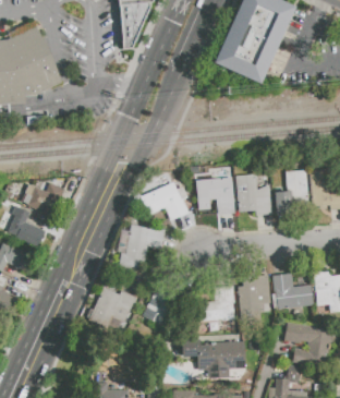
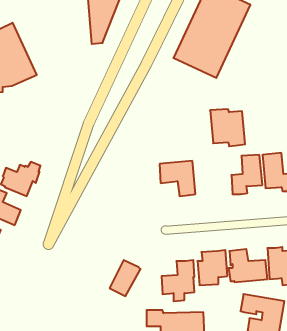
building: [235,174,274,215] -> [210,109,245,146]
building: [141,181,189,220] -> none
building: [118,225,165,269] -> none
building: [89,287,136,329] -> none

